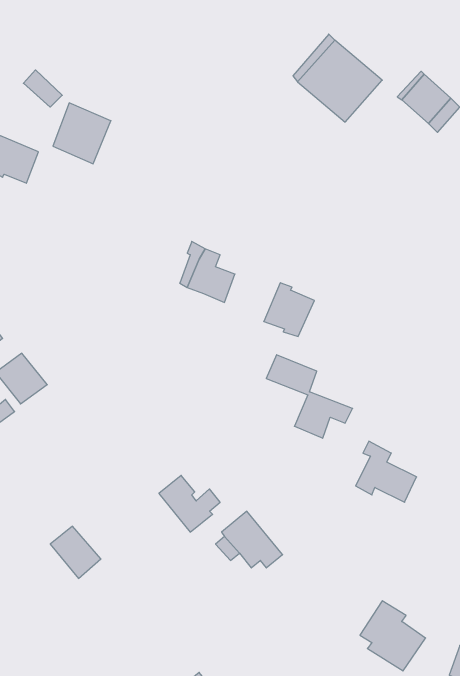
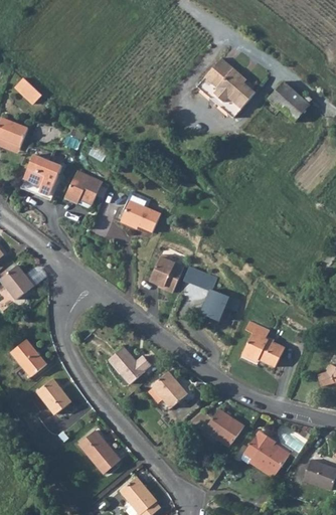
building: [53,103,111,164] -> [22,153,61,194]
building: none -> [65,168,103,202]
building: [264,283,314,336] -> [150,252,184,289]
building: none -> [9,342,44,380]
building: none -> [190,409,244,448]
building: none -> [77,432,119,476]

